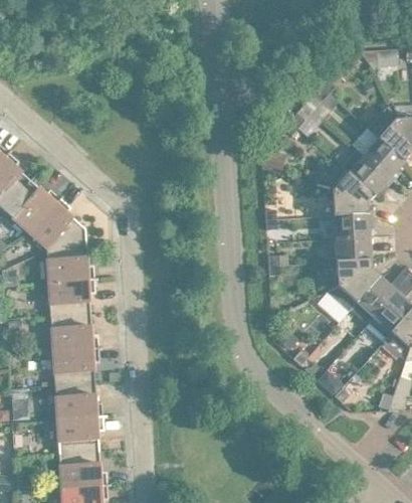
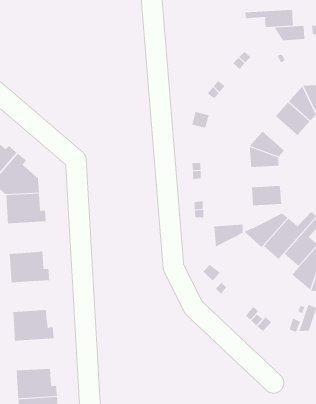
building: none -> [245,9,293,28]
building: [347,155,388,195] -> none
building: [333,213,368,238] -> none
building: [335,259,370,286] -> [214,224,244,247]
building: [47,279,94,317] -> none
building: [51,348,98,385] -> none
building: [55,416,102,454] -> none

